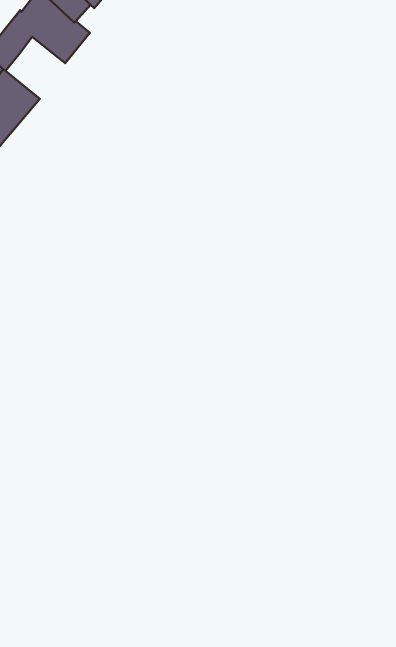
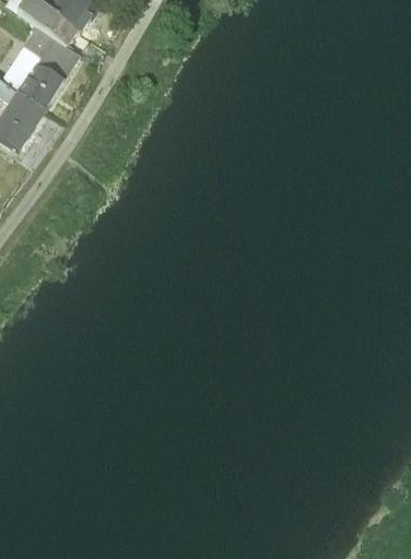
building: none -> [16,64,63,112]

